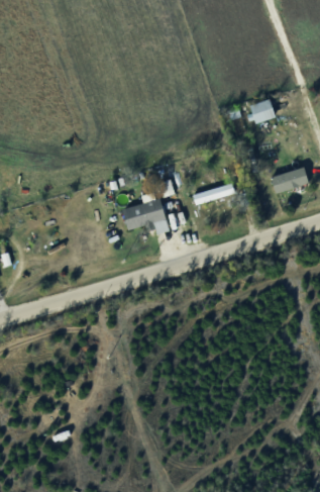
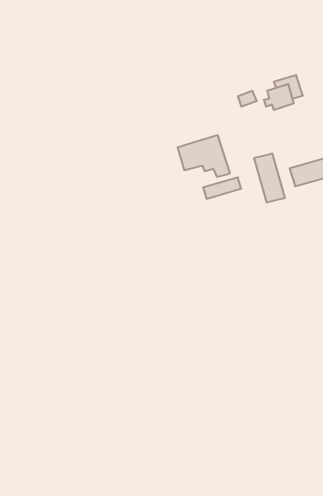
building: none -> [254,153,285,203]
building: [122,198,170,235] -> [177,135,230,177]

